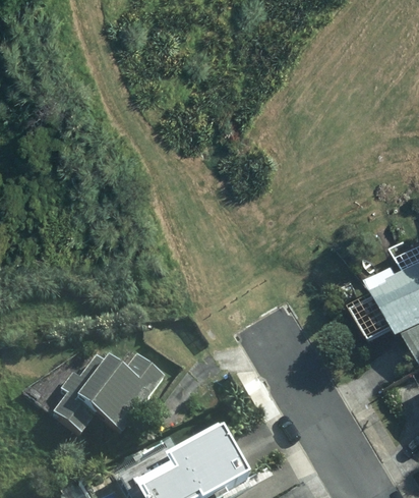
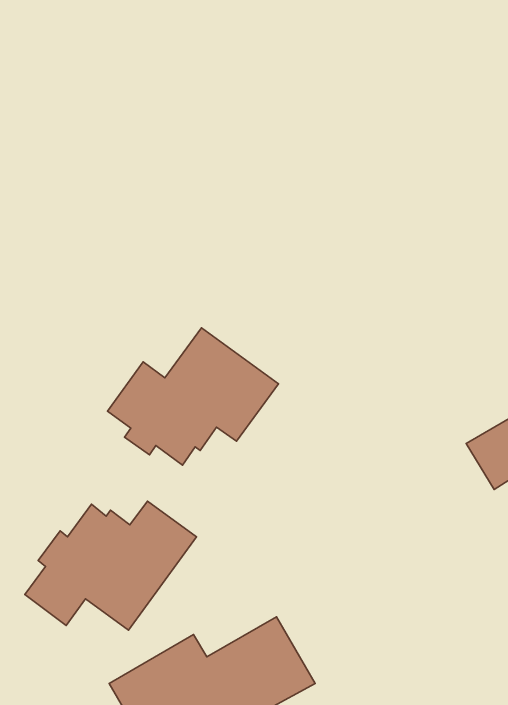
building: none -> [108,328,278,465]

